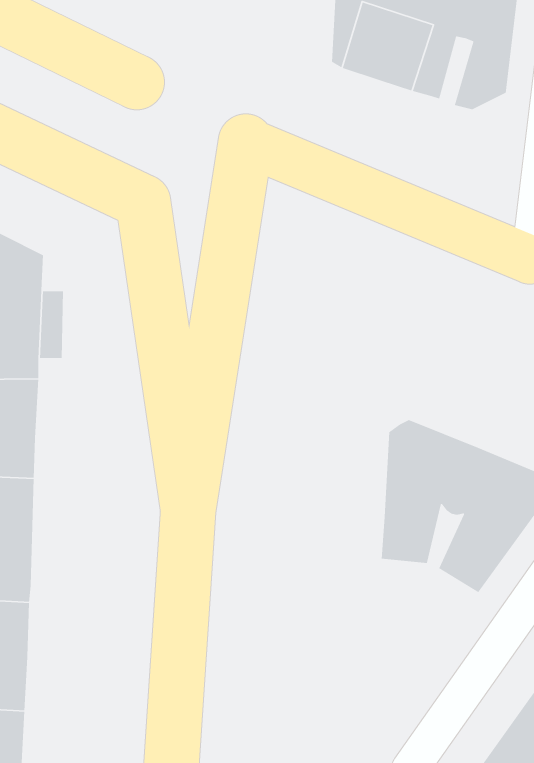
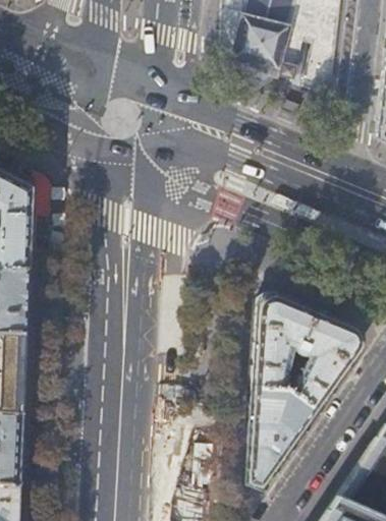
building: none -> [246,385,317,486]

